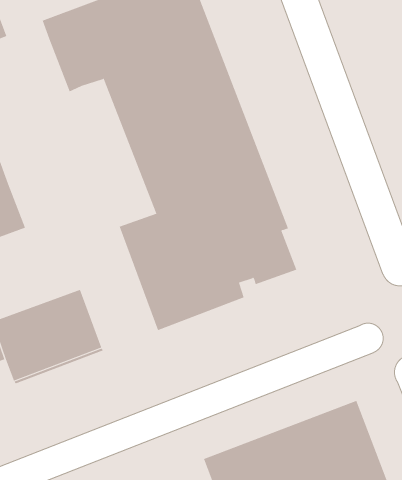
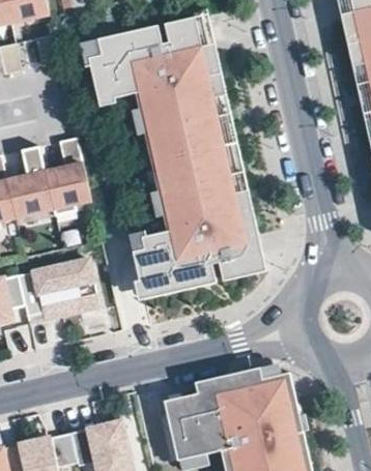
building: none -> [45,137,90,215]

